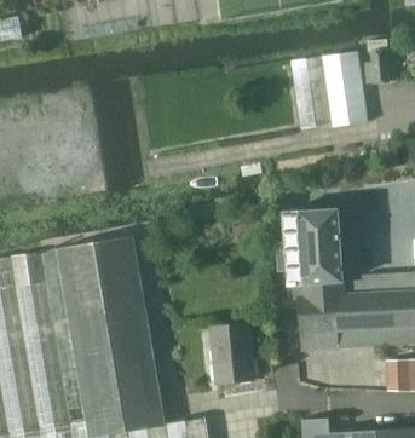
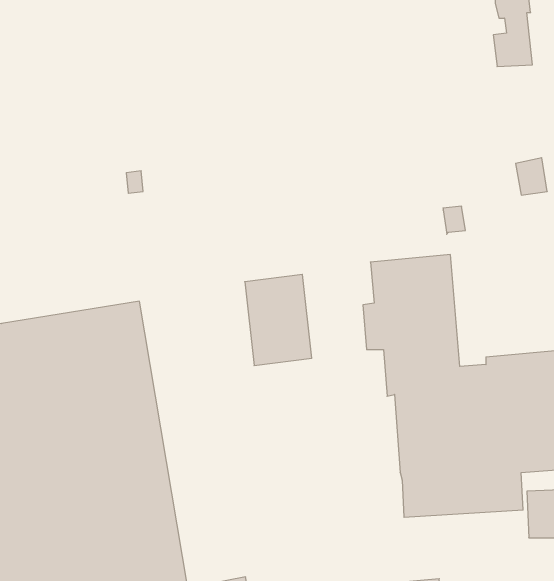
building: [289,52,367,128] -> none
building: [209,324,253,384] -> [245,274,312,366]

